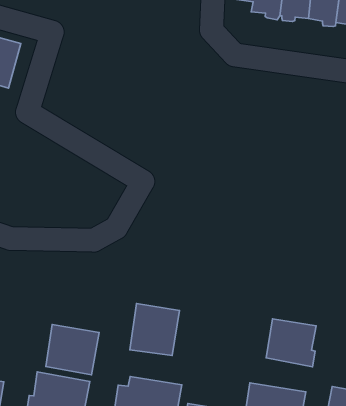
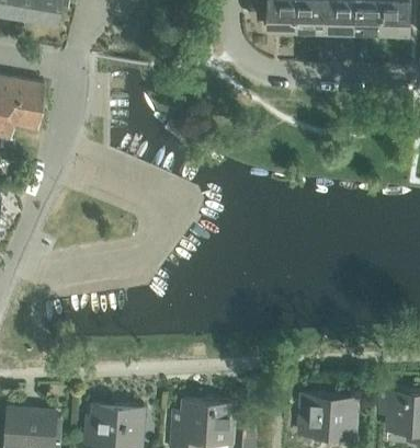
building: [130,303,180,356] -> none
building: [266,319,316,367] -> none
building: [46,325,99,375] -> none

